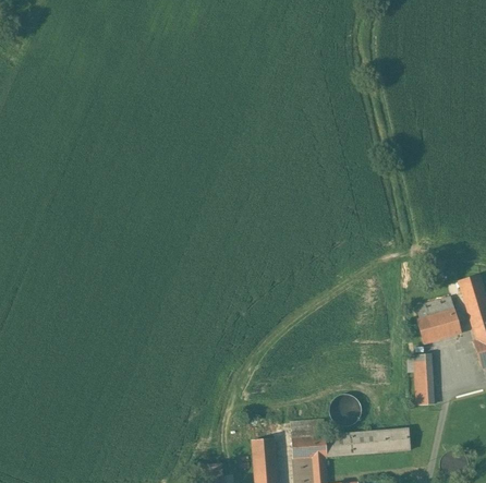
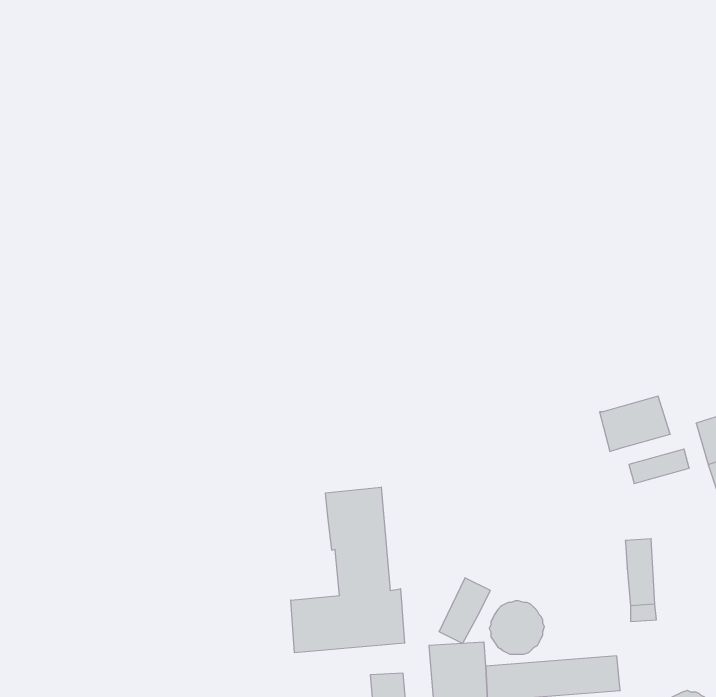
building: [416,310,461,345] -> [600,396,670,451]
building: none -> [291,487,404,653]
building: none -> [439,578,490,643]

